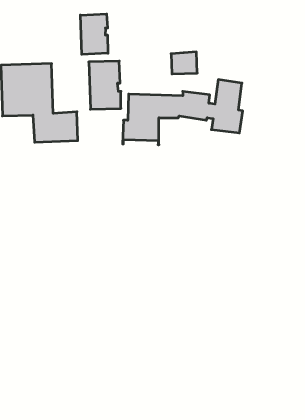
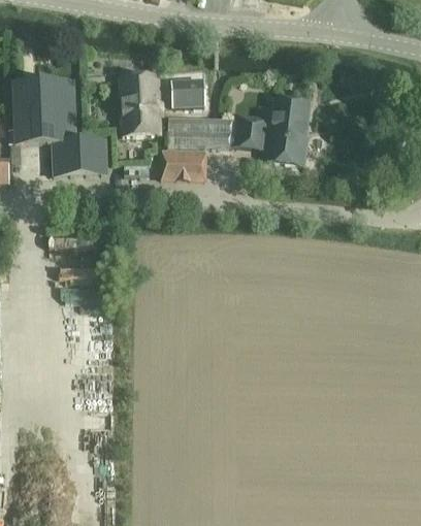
building: [80,14,108,54] -> none
building: [171,52,197,74] -> [171,79,203,106]

